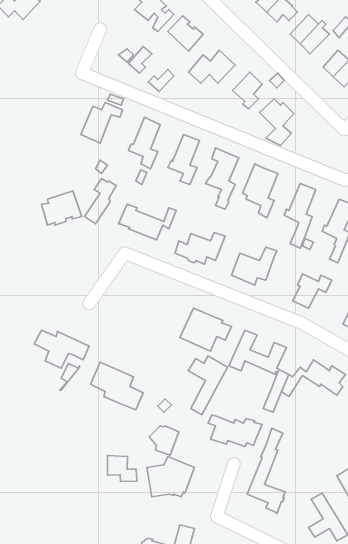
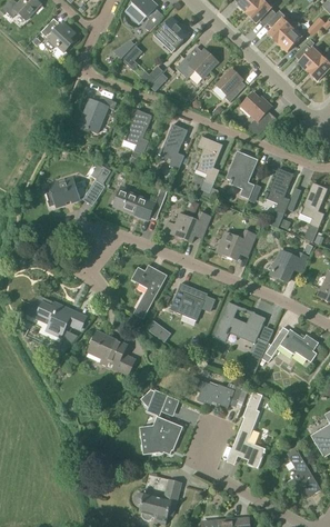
building: none -> [42,18,77,60]
building: [188,356,228,415] -> [131,265,167,318]
building: [107,456,137,482] -> none

